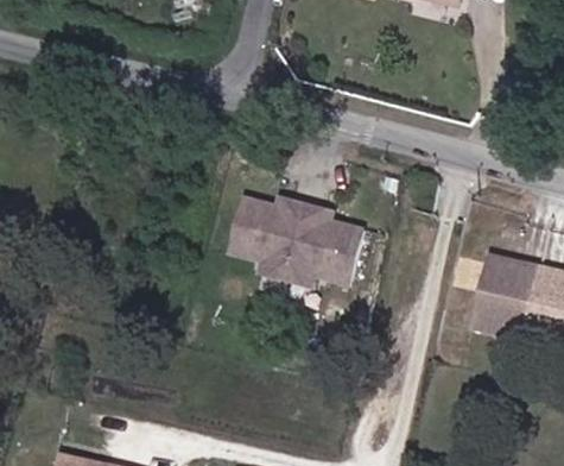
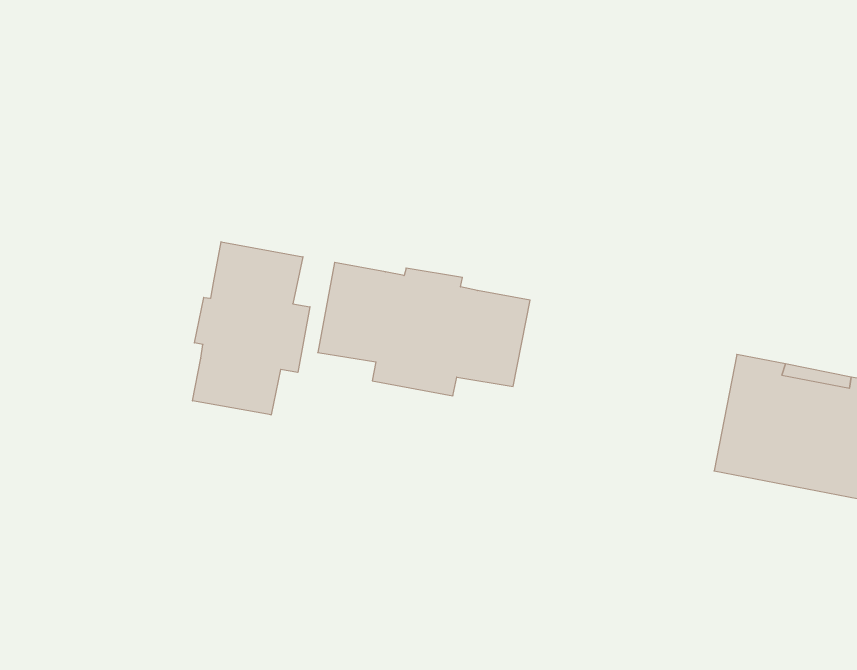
building: none -> [193,242,310,415]

